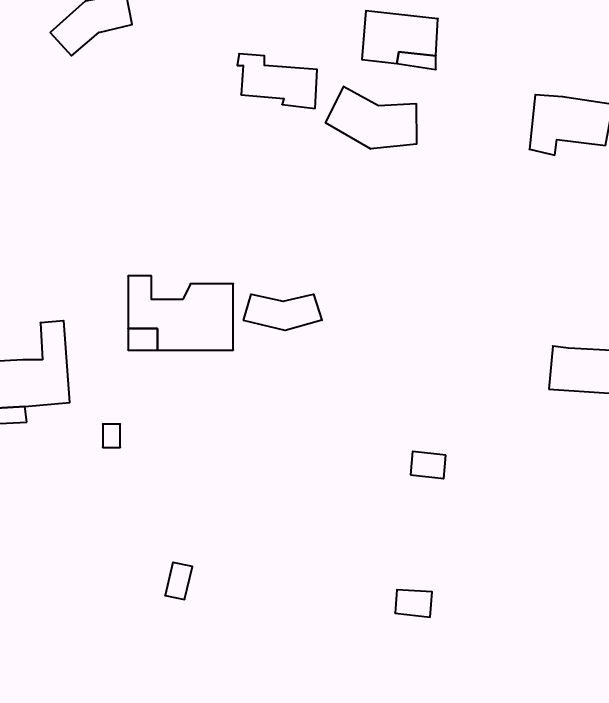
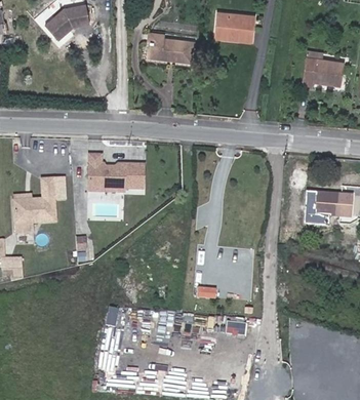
building: [326,86,417,149] -> none
building: [244,294,322,330] -> none

